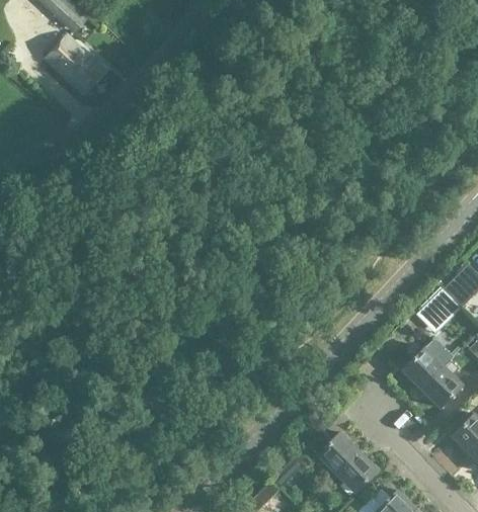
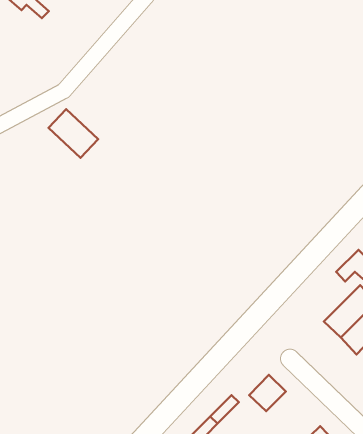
building: [47,37,103,93] -> [48,109,98,158]
building: [336,451,377,493] -> none

